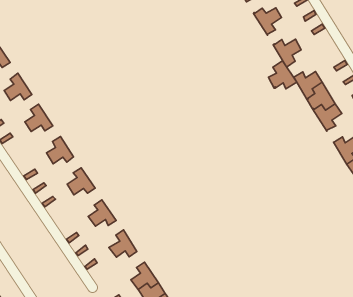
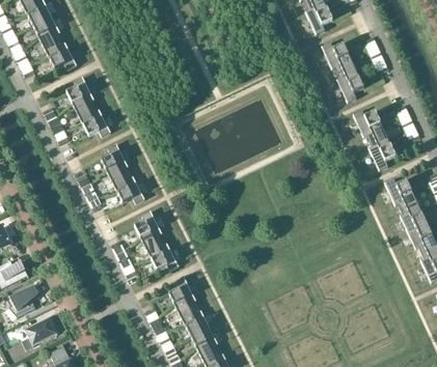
building: [269,61,297,89] -> [333,54,360,82]
building: none -> [73,97,100,125]
building: none -> [107,165,134,192]
building: none -> [141,231,168,259]

